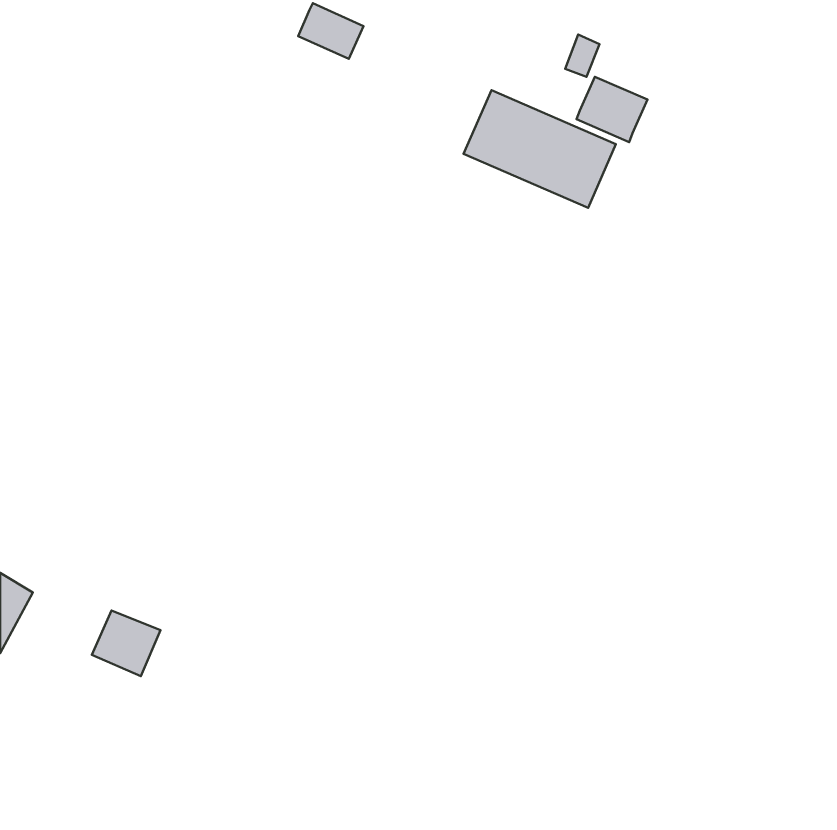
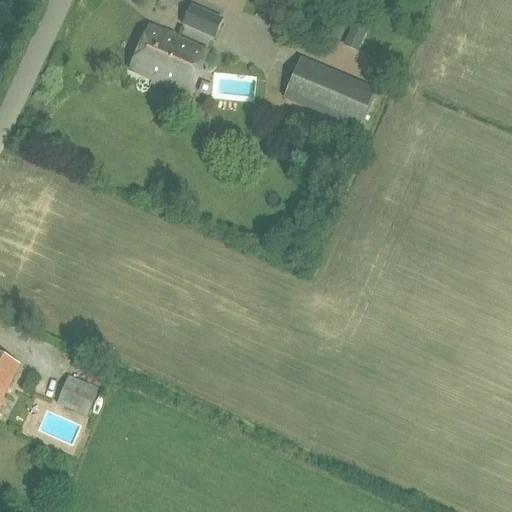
building: none -> [131,22,207,91]
building: [576,77,648,142] -> none

